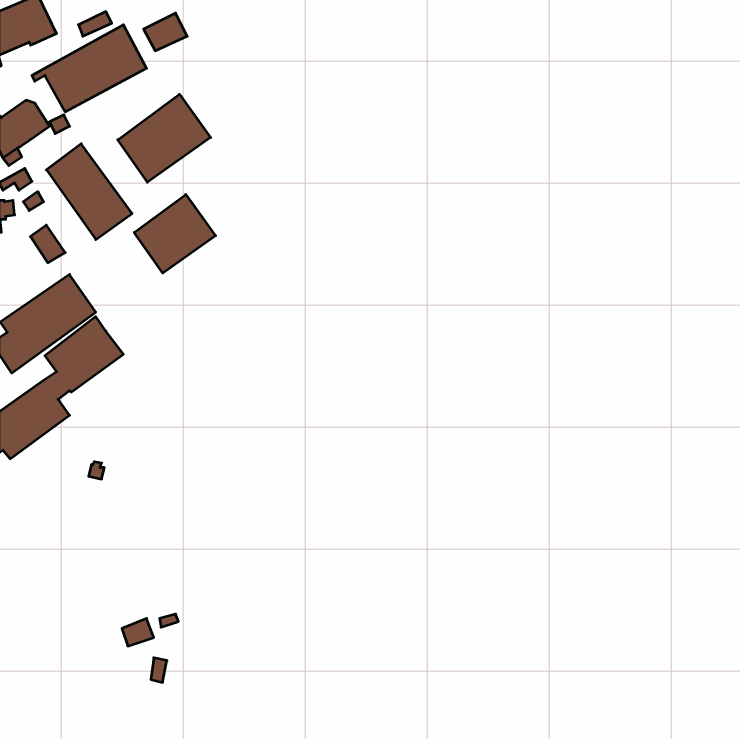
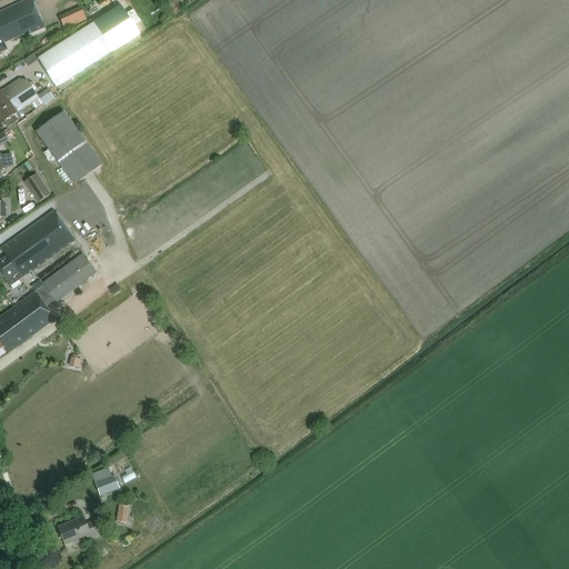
building: [118,94,211,182] -> none
building: [134,194,216,273] -> none
building: none -> [57,516,98,542]

